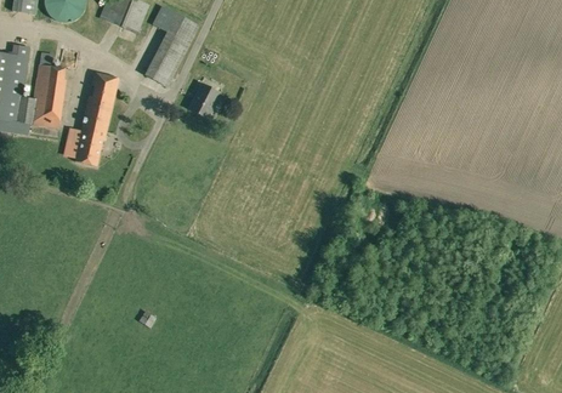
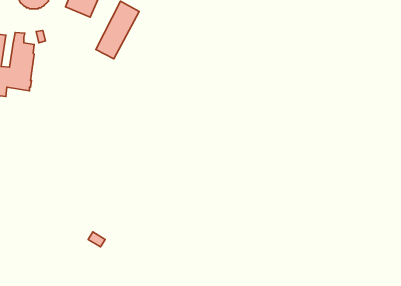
building: [67,72,118,165] -> none
building: [187,82,220,118] -> none

